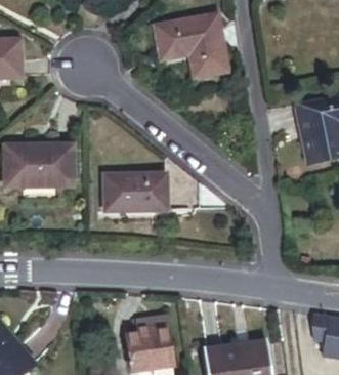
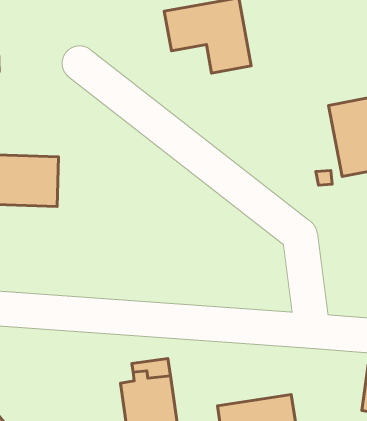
building: [104,175,166,211] -> none

